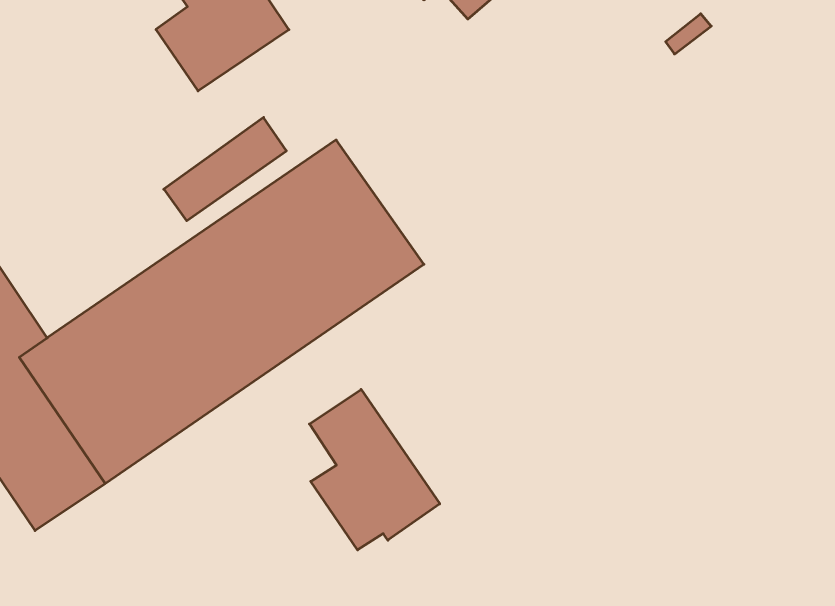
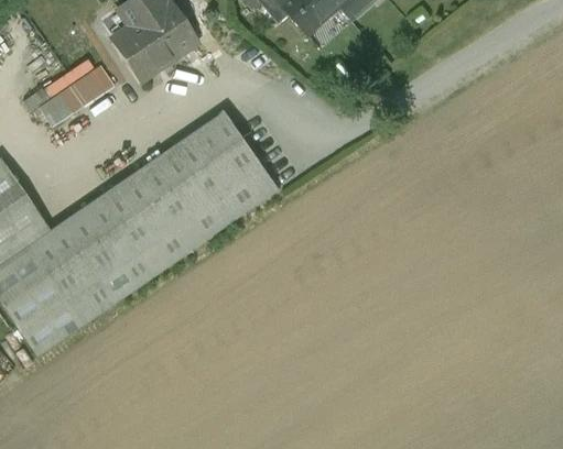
building: [164,117,286,221] -> [39,63,116,128]
building: [309,389,440,550] -> none

